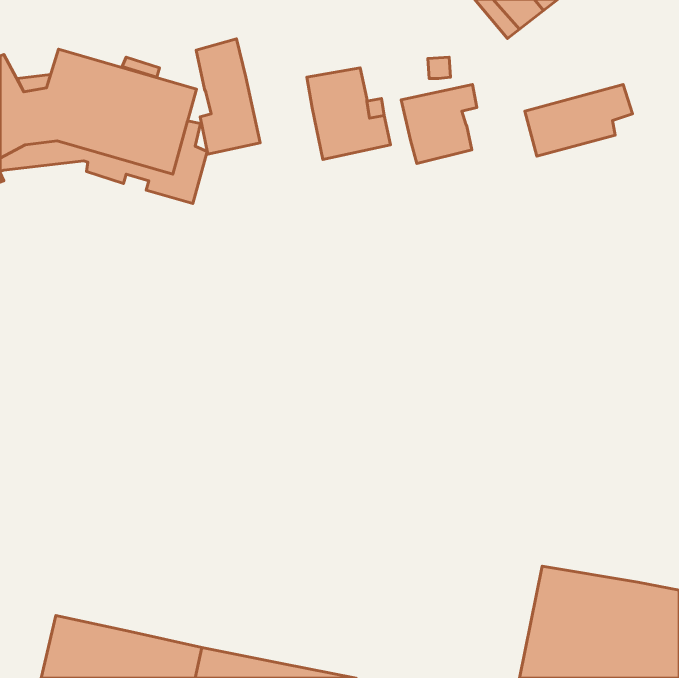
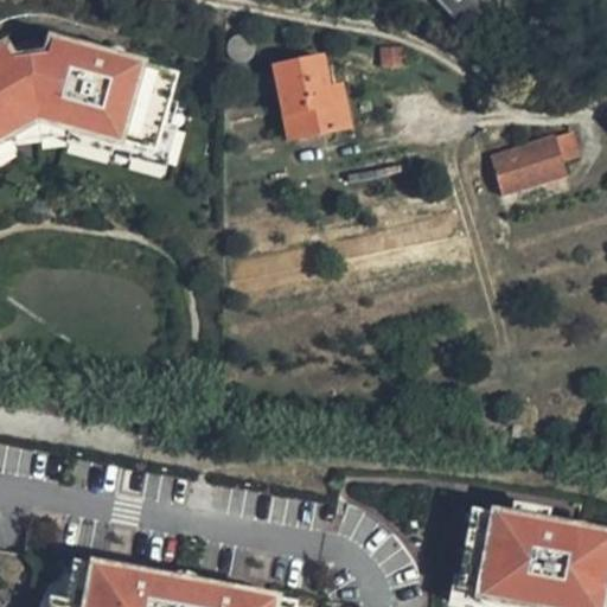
building: [196,39,260,154] -> none
building: [525,85,633,156] -> [484,132,580,196]
building: [401,85,477,163] -> none

